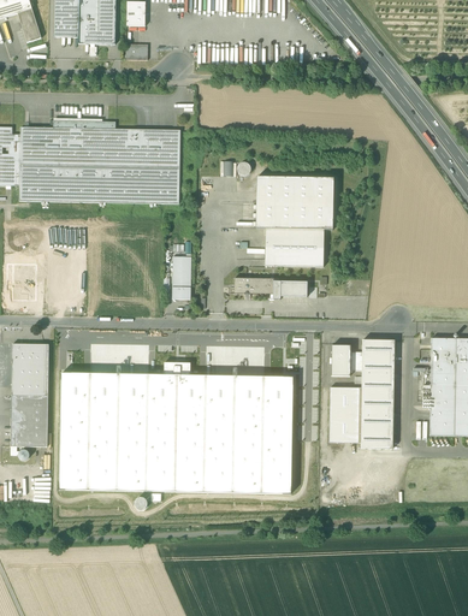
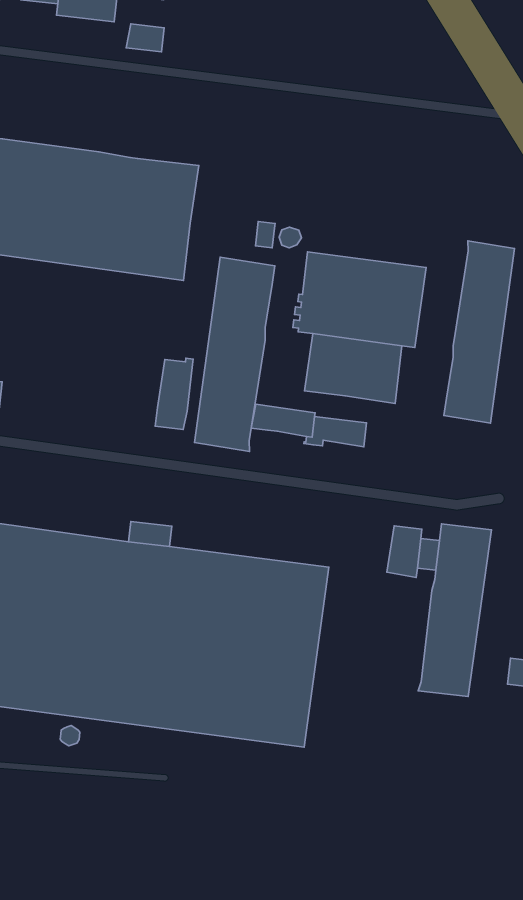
building: none -> [444,241,515,423]
building: none -> [195,257,275,451]
building: [330,387,361,443] -> none

